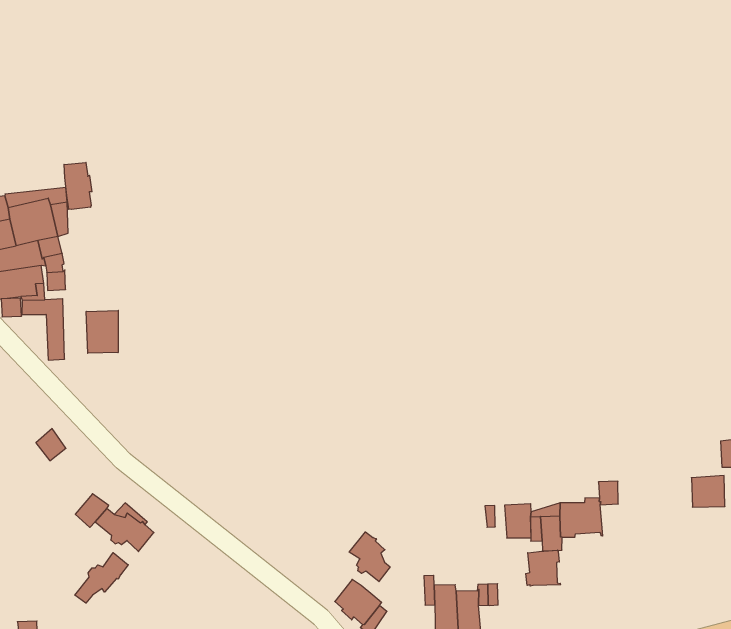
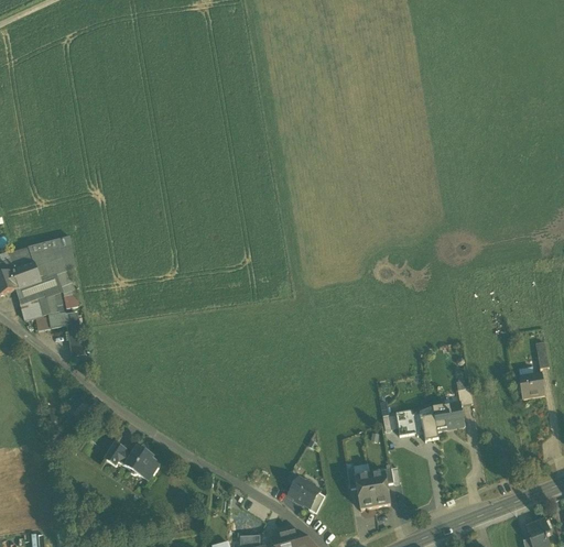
building: [64,162,92,209] -> none
building: [86,310,118,353] -> none
building: [349,532,390,582] -> none
building: [526,550,561,586] -> none
building: [75,553,128,603] -> none

